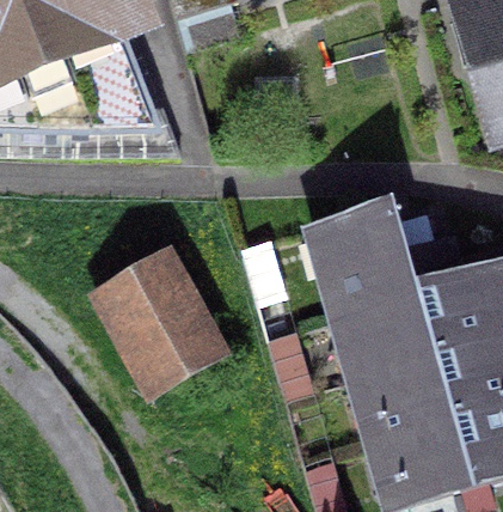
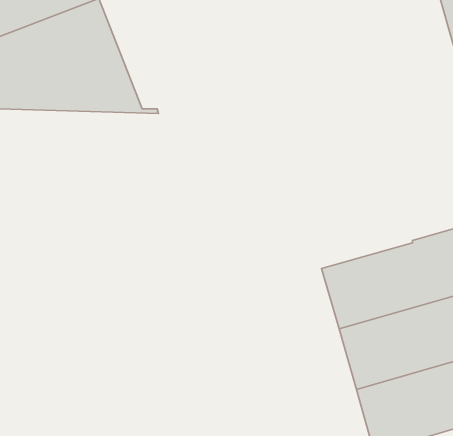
building: [321,197,438,303] -> none
building: [102,251,211,371] -> none

